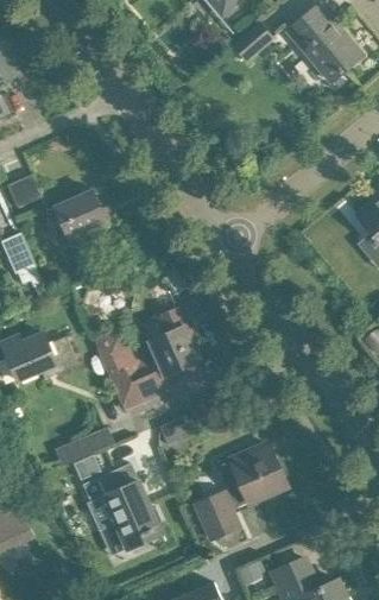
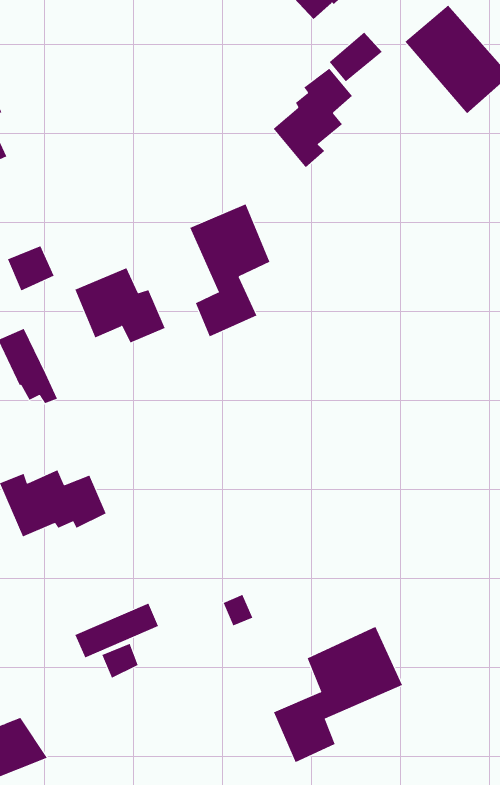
building: none -> [273,68,353,168]
building: none -> [189,204,270,337]
building: [95,305,202,409] -> none
building: [83,467,165,549] -> none

